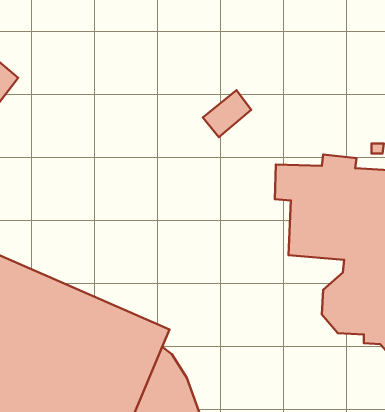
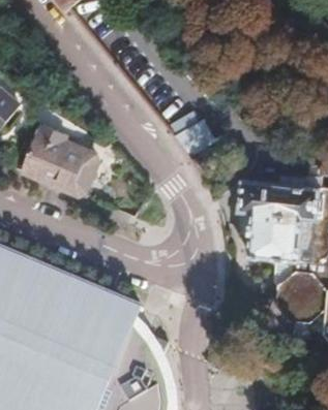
building: none -> [22,124,97,193]

